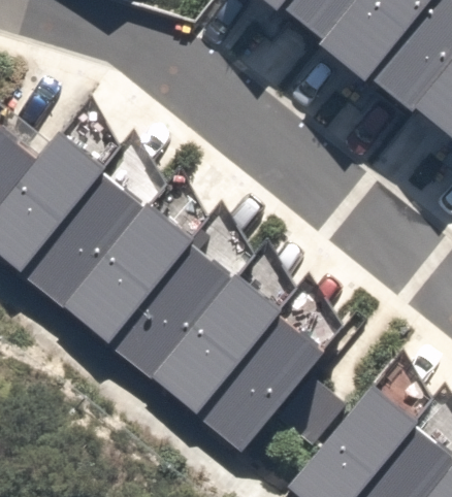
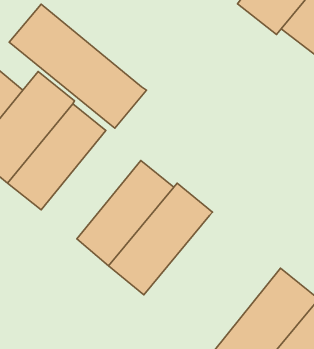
building: none -> [9,4,146,128]
building: [62,200,193,341] -> none
building: [193,311,322,452] -> none

